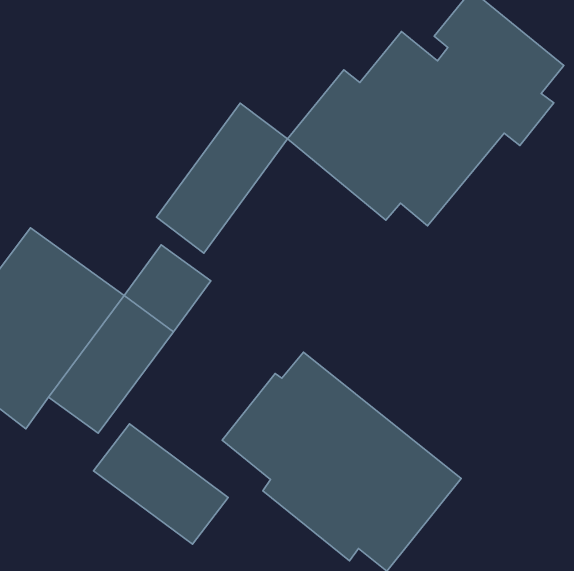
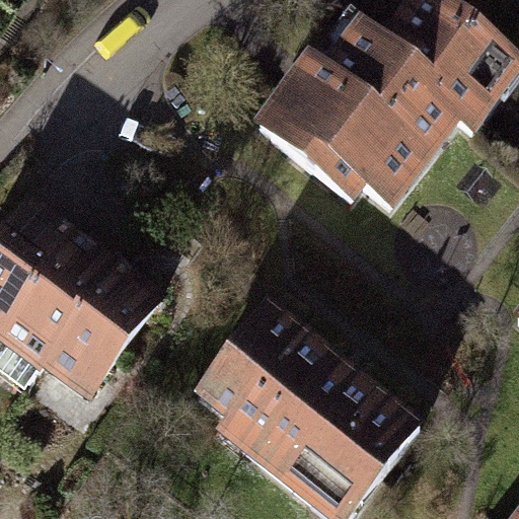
building: [156,103,288,253] -> none
building: [94,424,228,544] -> none

